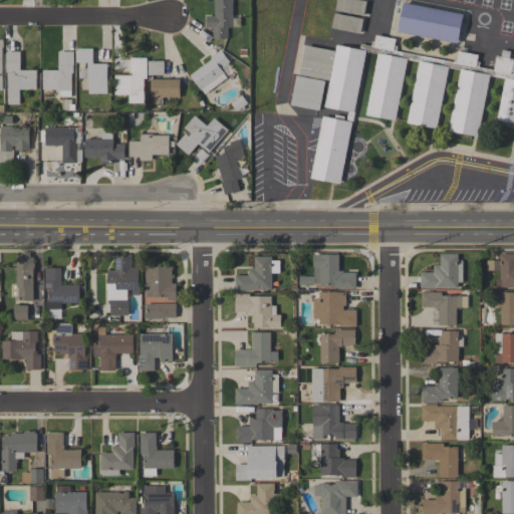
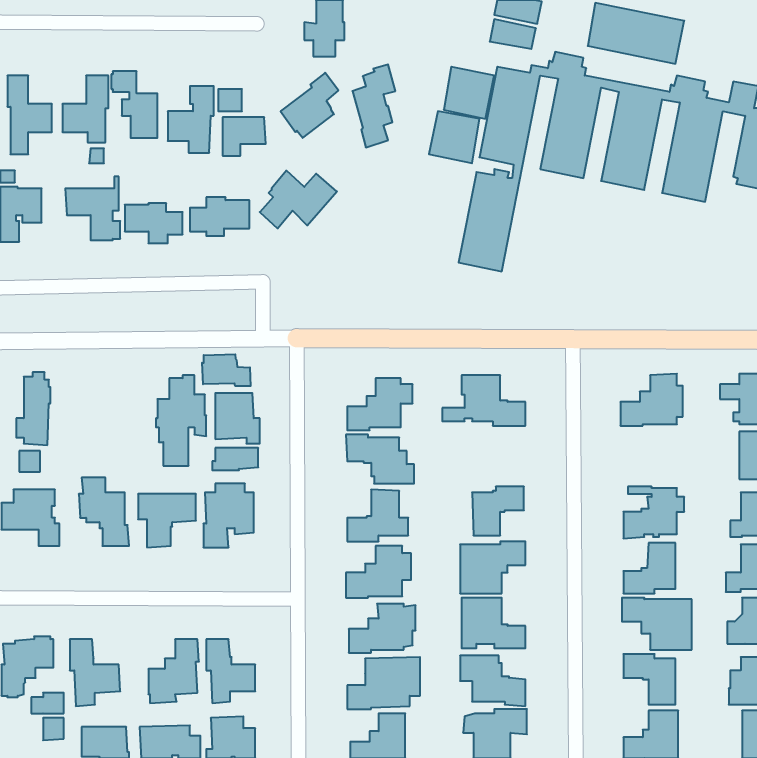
building: [216,139,245,195] -> [352,64,395,147]
building: none -> [202,354,251,386]
building: [45,267,80,309] -> none
building: [314,291,356,326] -> none
building: [422,292,462,325] -> none

